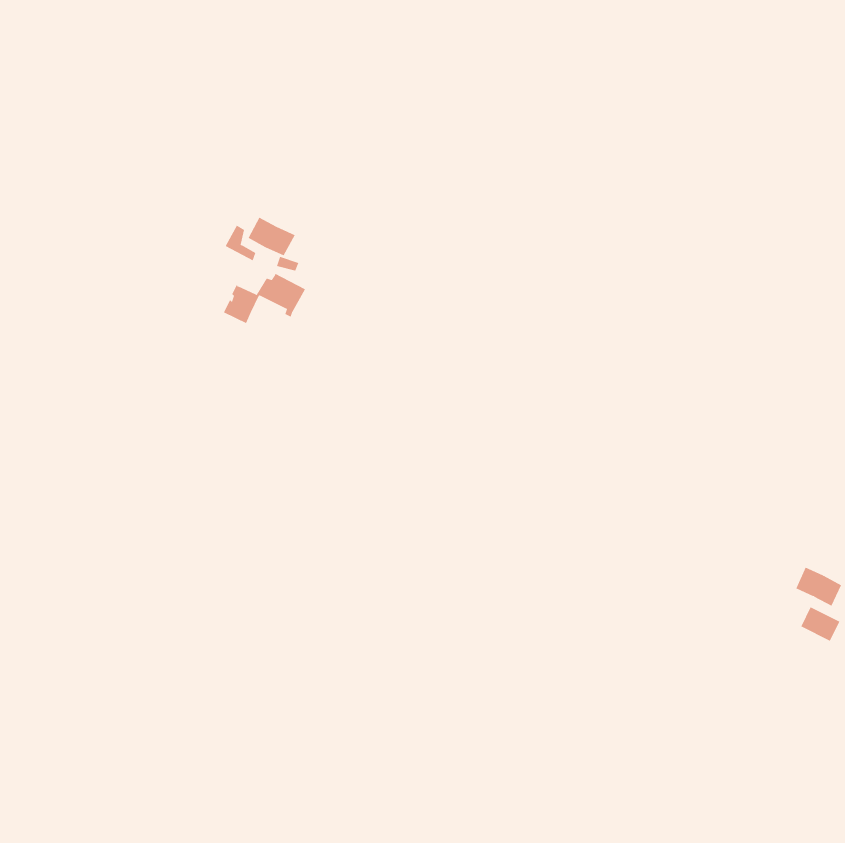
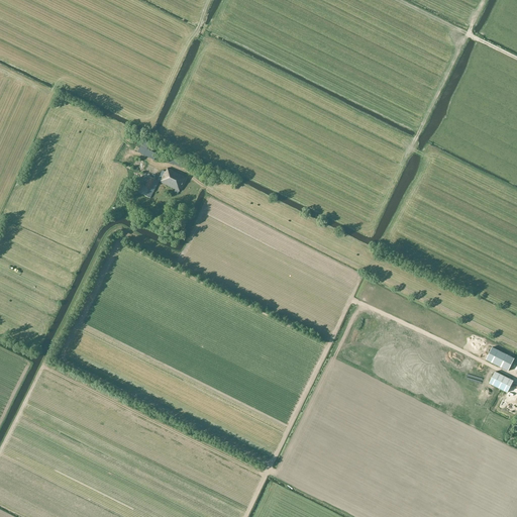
building: [248,217,295,256] -> none

